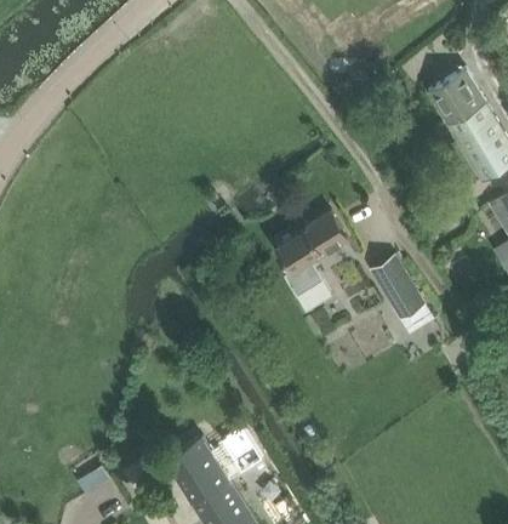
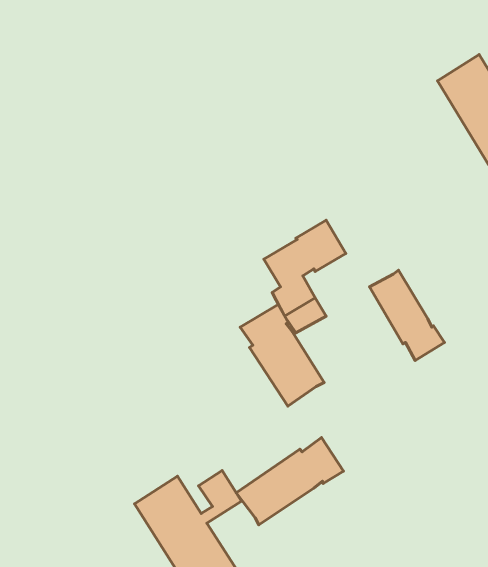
building: none -> [240,304,324,406]
building: none -> [236,438,343,525]

